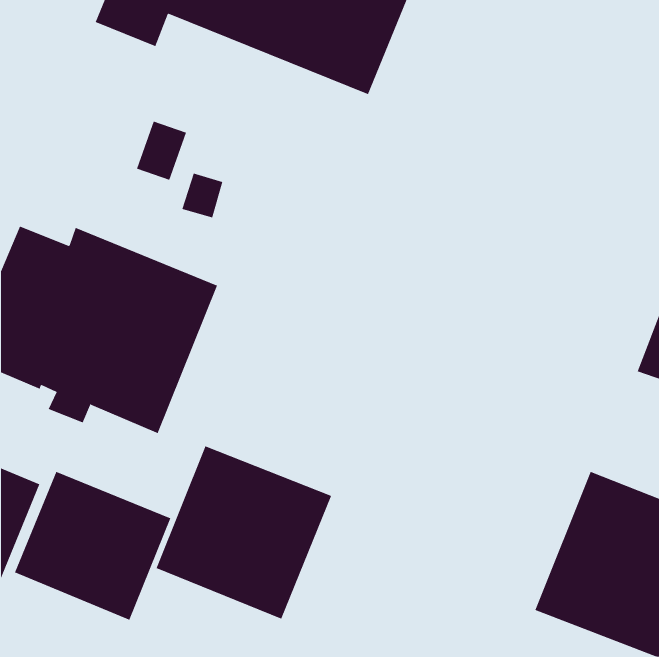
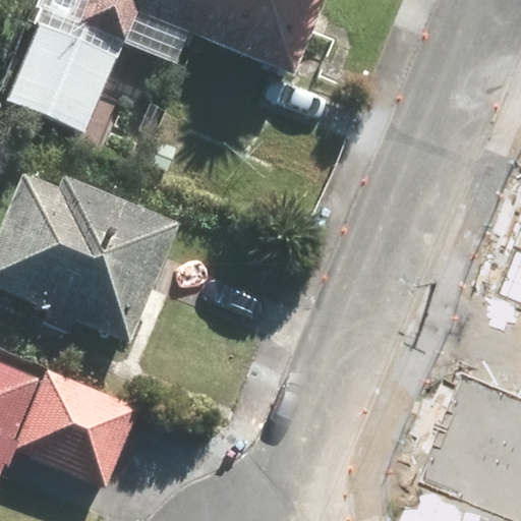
building: none -> [9,26,114,127]
building: [156,446,332,620] -> none

